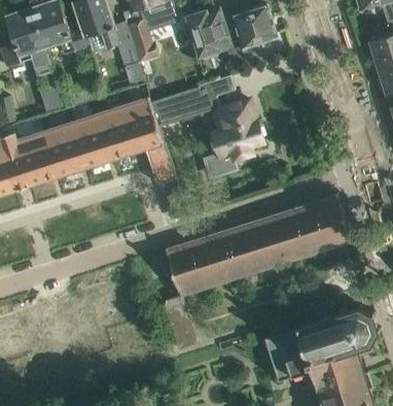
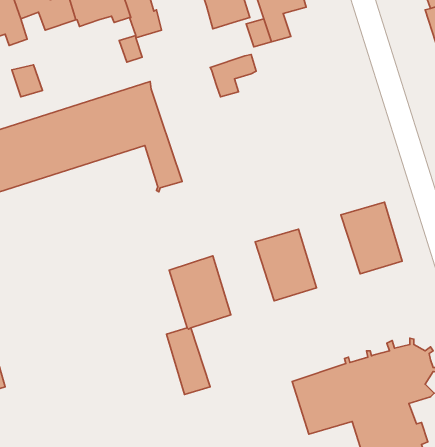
building: [149,89,205,126] -> none
building: [201,100,263,178] -> none
building: [267,205,317,264] -> none
building: [199,227,248,285] -> none

